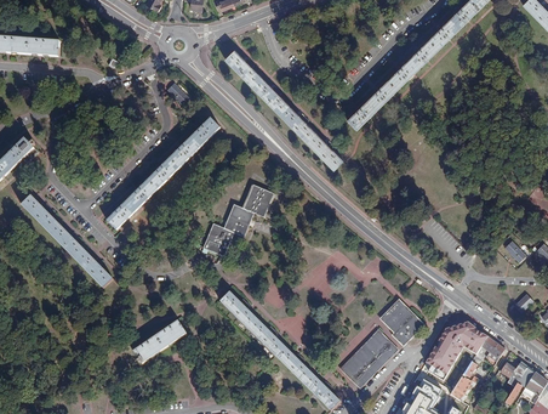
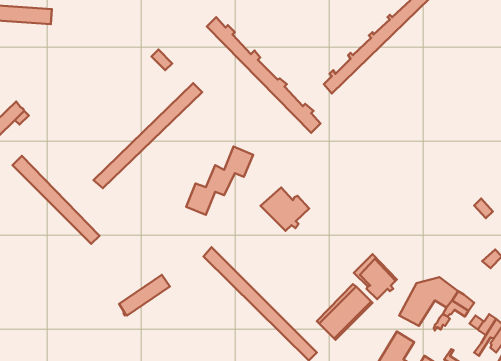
building: none -> [261,188,309,231]

